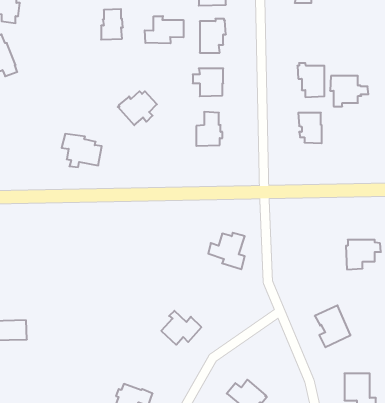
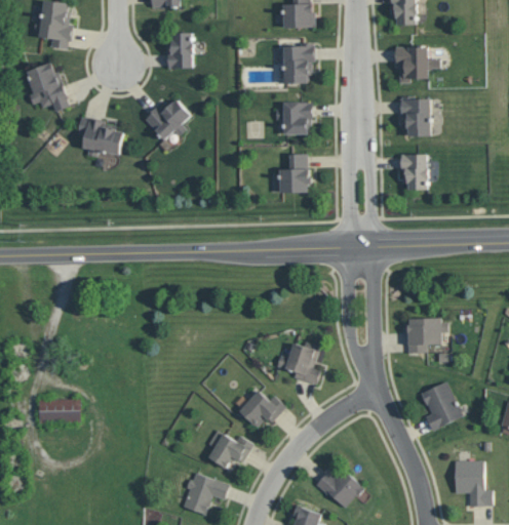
building: [145,16,183,43] -> none
building: [330,76,368,106] -> [394,47,439,83]
building: [118,91,157,125] -> [144,100,190,140]
building: [62,134,102,167] -> [76,118,123,157]
building: [208,233,245,269] -> [276,342,319,386]
building: [346,240,381,269] -> [406,319,447,354]
building: none -> [207,430,252,469]

